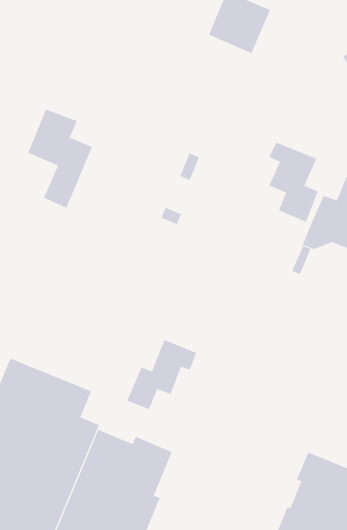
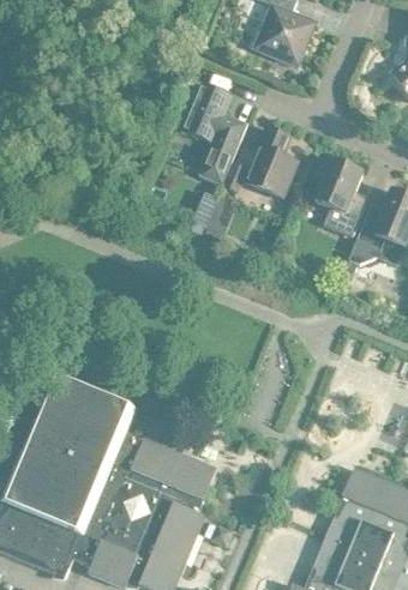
building: [28,109,93,209] -> [182,85,248,186]
building: none -> [245,127,298,198]
building: [126,339,197,410] -> none

